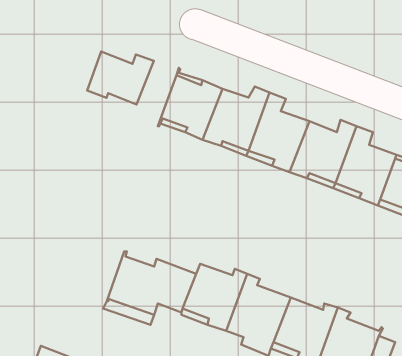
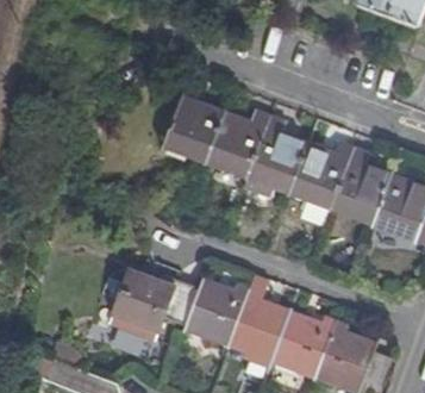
building: [87,52,154,104] -> none

